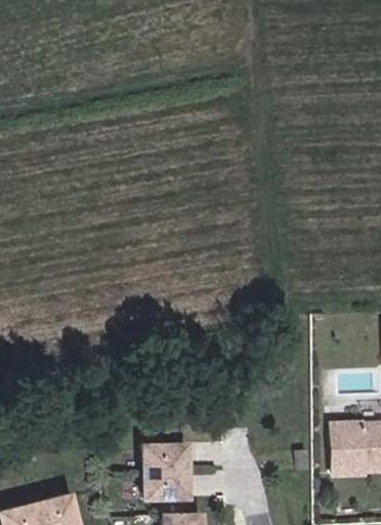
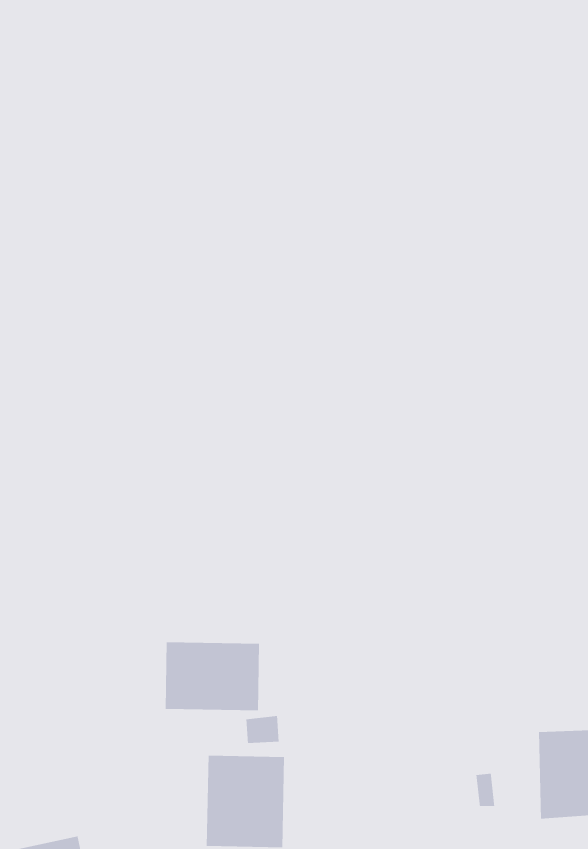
building: none -> [165,641,260,711]

